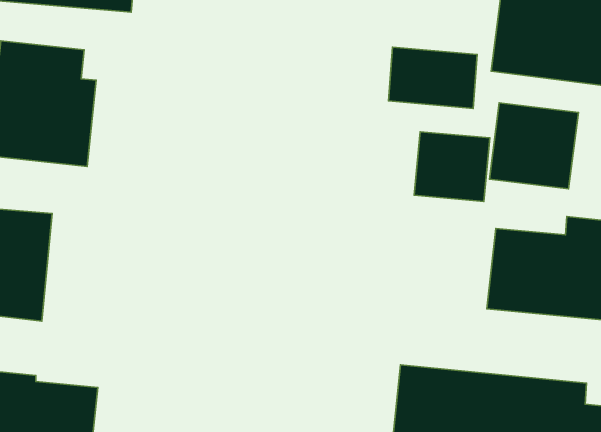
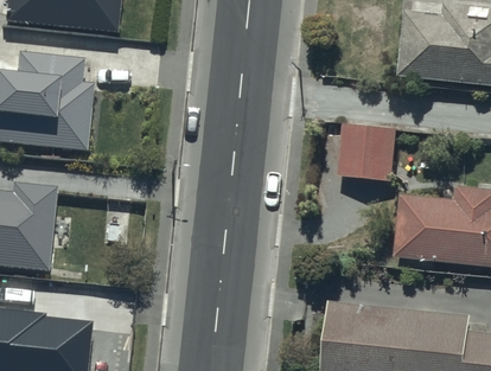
building: [388,47,477,108] -> none
building: [489,103,578,189] -> none

